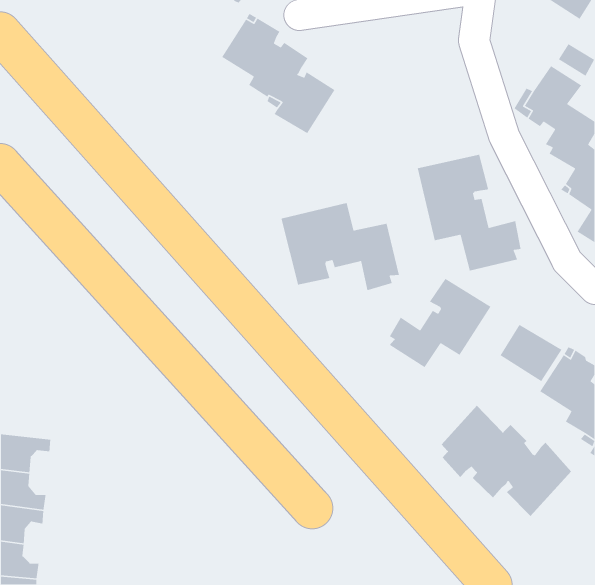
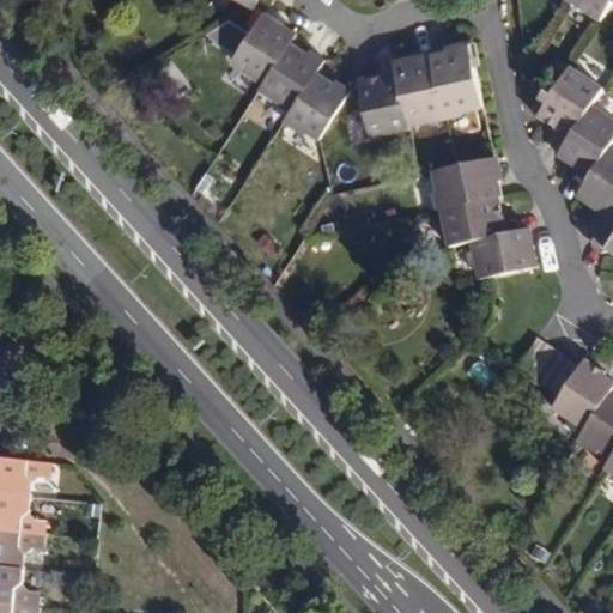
building: none -> [358,43,481,136]
building: [281,202,400,291] -> none
building: [389,278,491,368] -> none
building: [441,405,572,517] -> none

